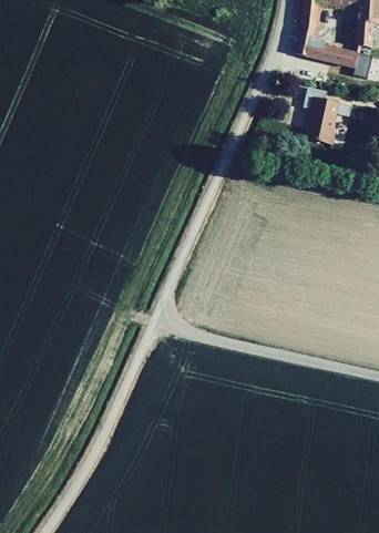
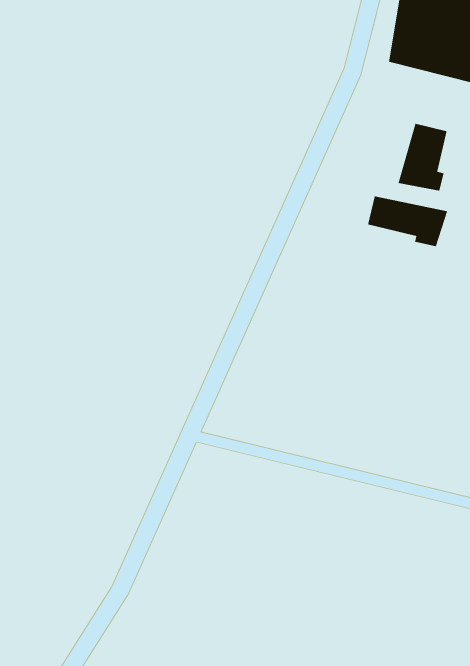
building: none -> [367,196,448,247]

